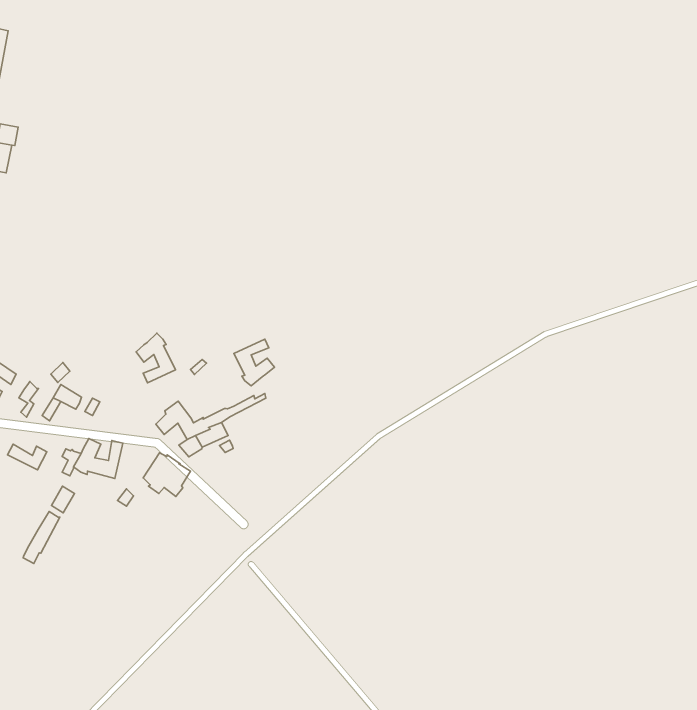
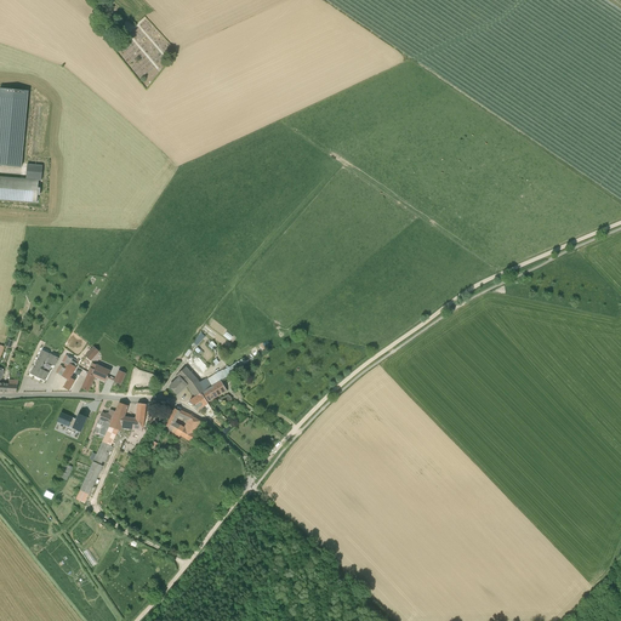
building: [136,333,176,383] -> none
building: [234,339,275,386] -> none

